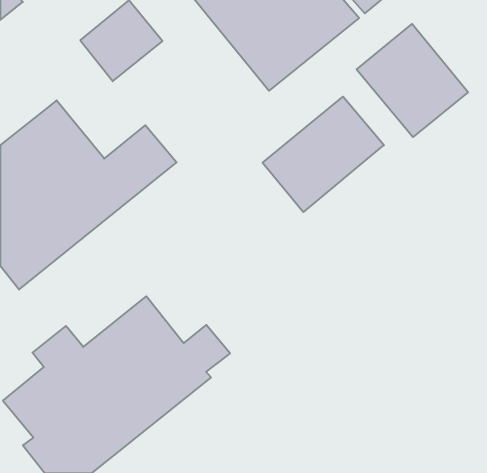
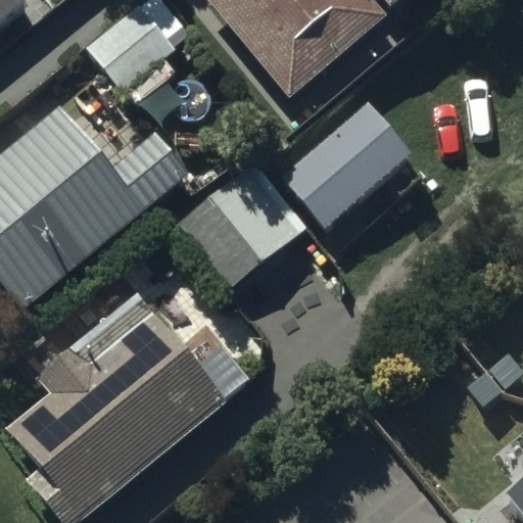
building: [357,24,468,137] -> none
building: none -> [174,160,302,292]

